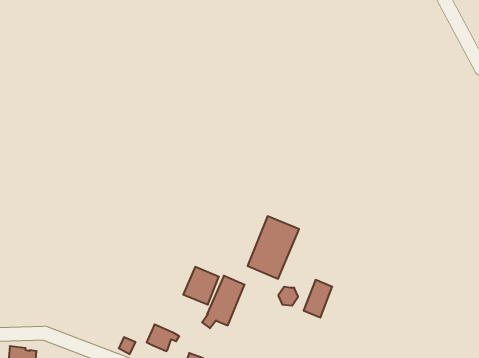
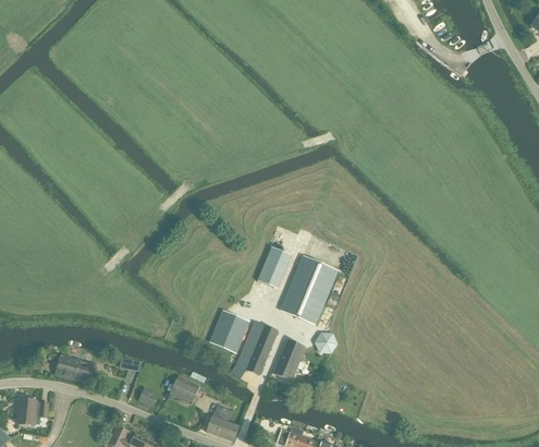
building: none -> [256,246,291,288]
building: [304,280,332,318] -> [272,339,304,380]
building: none -> [54,354,95,384]

